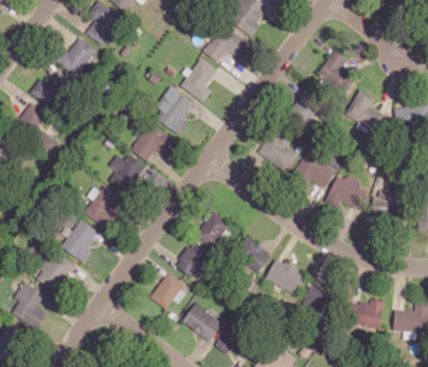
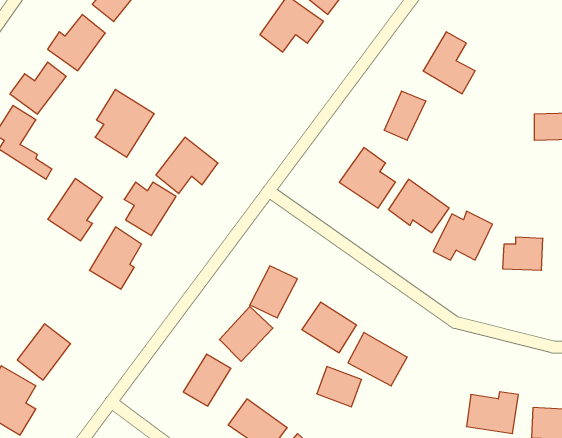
building: [182,58,218,101] -> none
building: [156,86,197,133] -> [95,89,154,157]
building: [346,88,381,135] -> none
building: [61,219,99,262] -> [48,179,103,241]
building: [301,286,333,314] -> [317,366,362,407]

